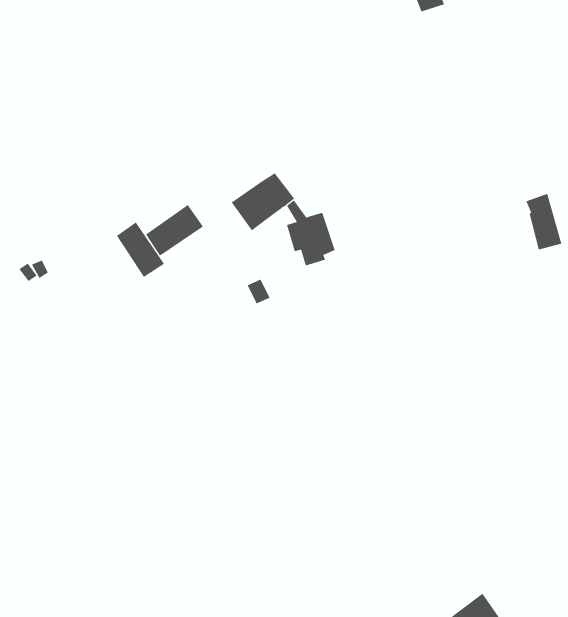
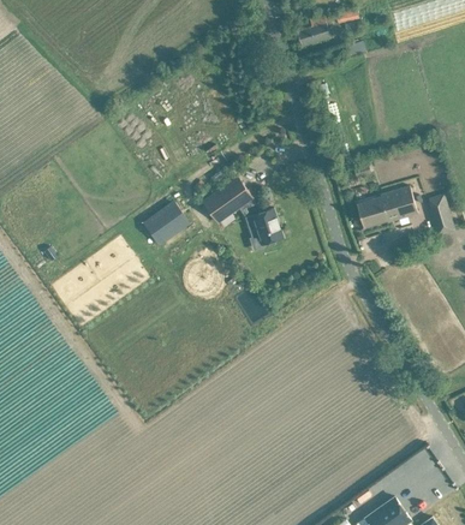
building: none -> [354,186,416,228]
building: [116,221,165,278] -> none

